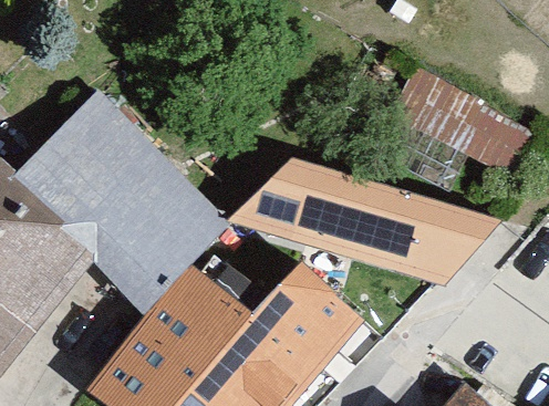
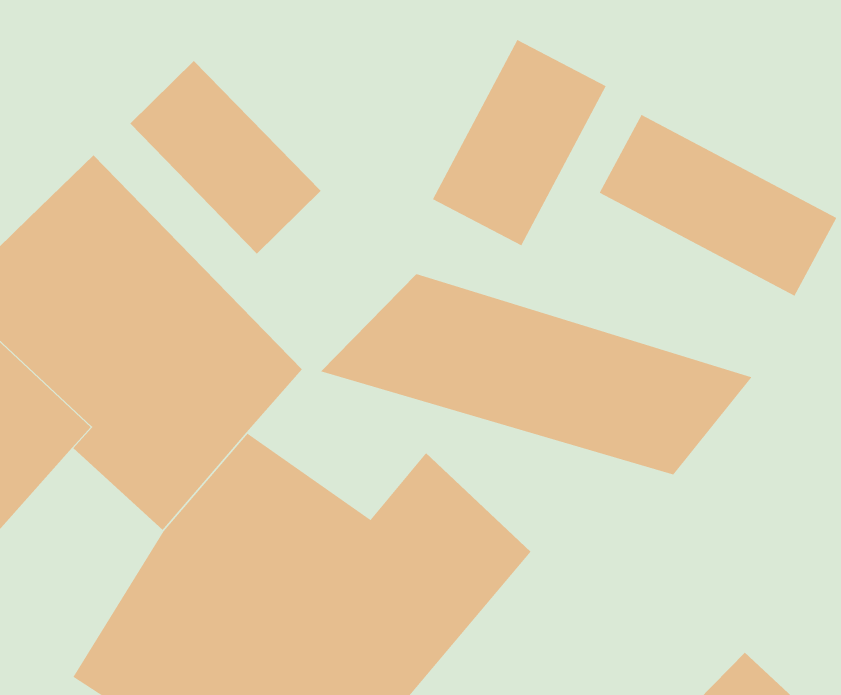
building: none -> [432,39,606,246]
building: none -> [129,60,321,254]

